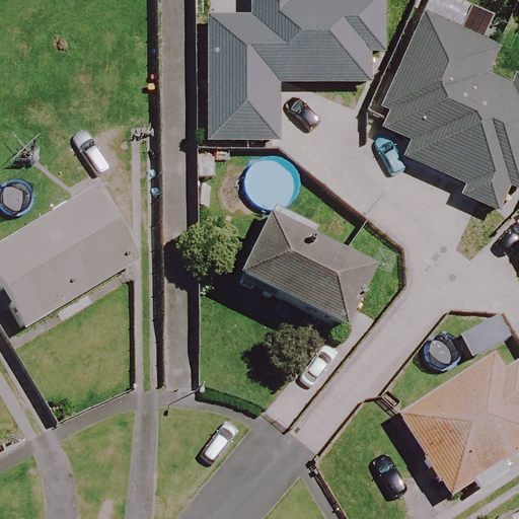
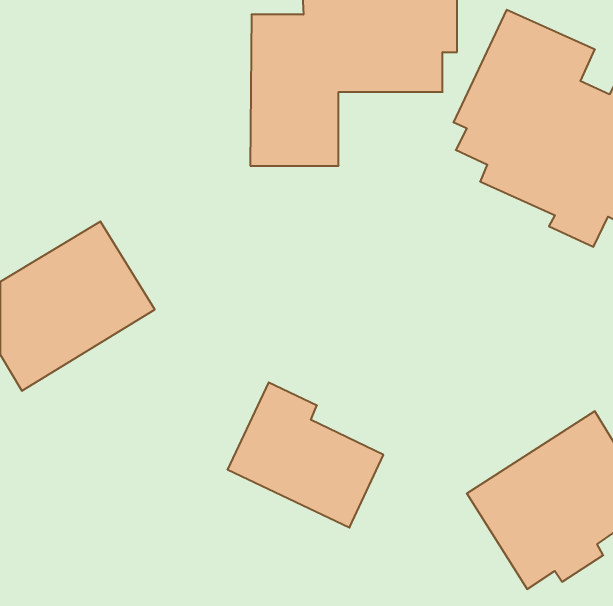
building: [235,207,366,328] -> [227,382,383,528]

